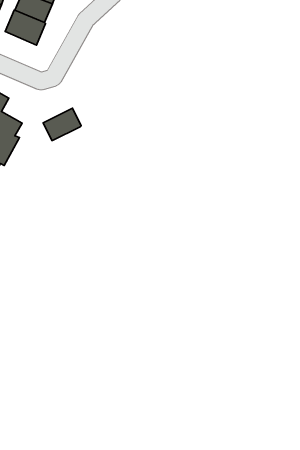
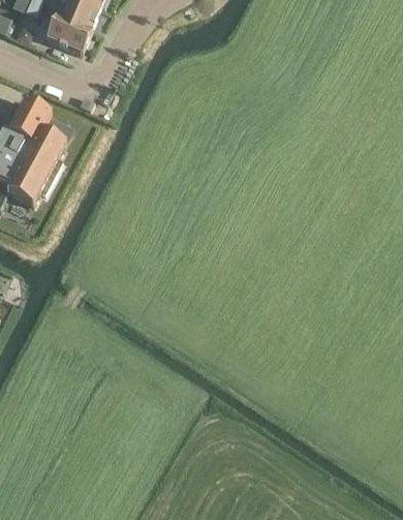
building: [43,108,81,140] -> none

